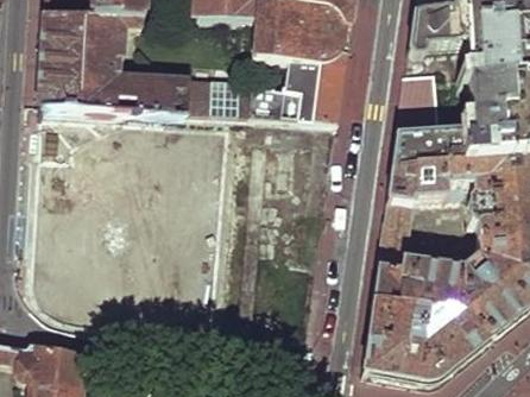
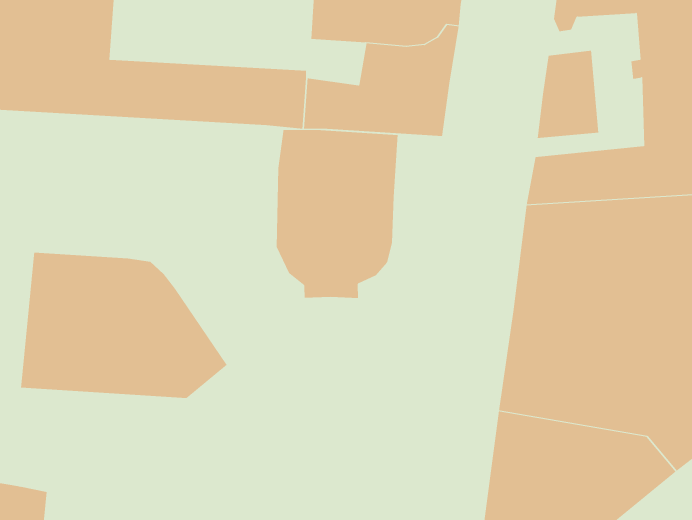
building: none -> [276,129,398,299]
building: none -> [20,252,228,399]

